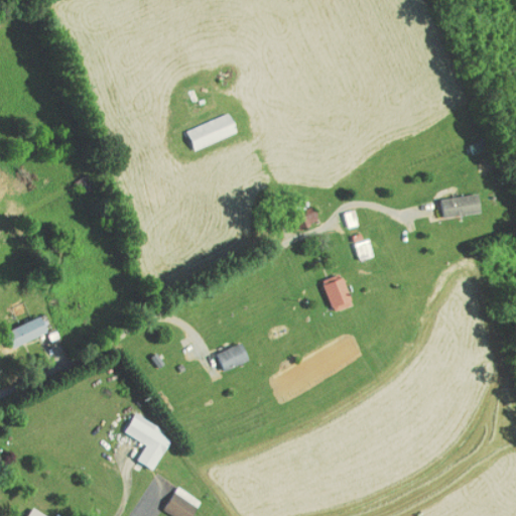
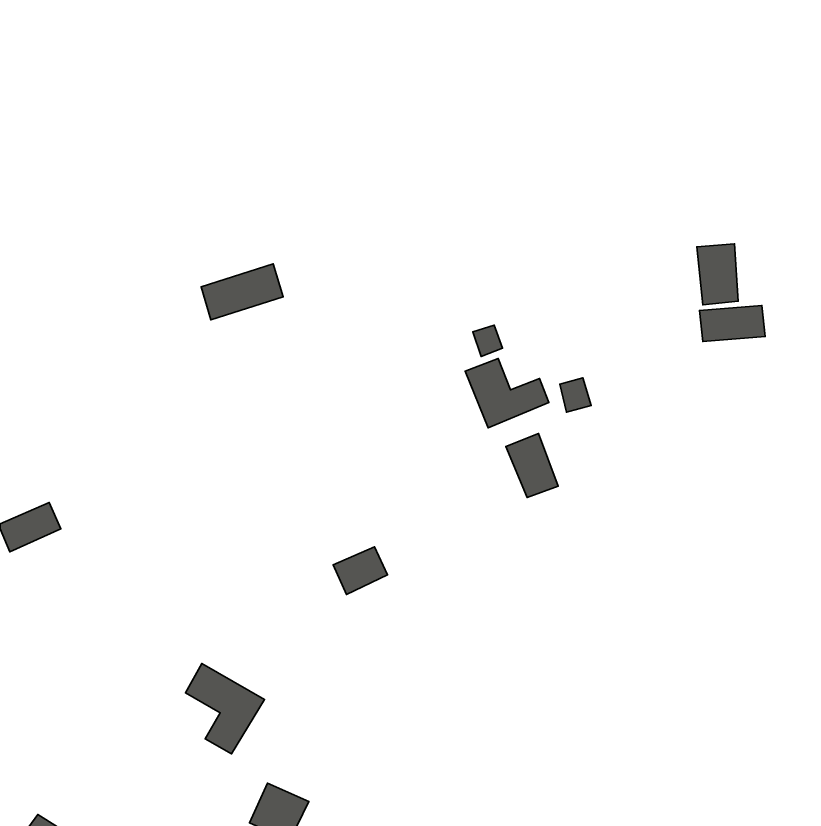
building: [187,115,238,149] -> [201,264,283,320]
building: none -> [697,244,738,305]
building: none -> [465,359,549,428]

